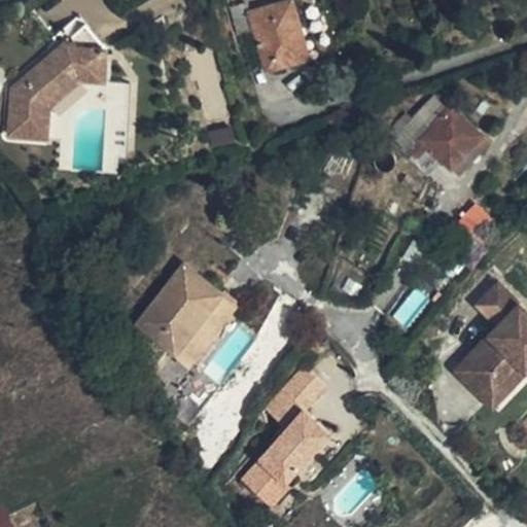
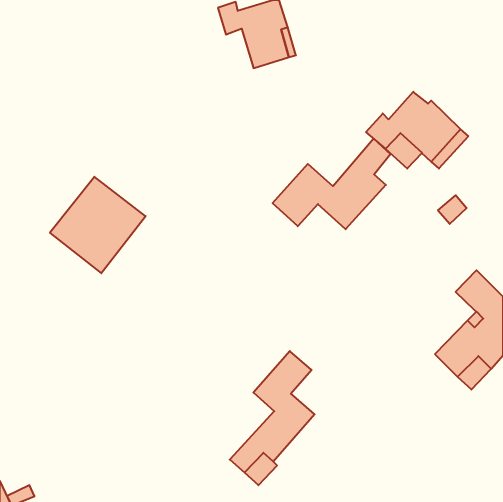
building: [8,25,106,139] -> none
building: none -> [273,139,391,229]
building: [137,266,237,366] -> [50,177,146,273]

